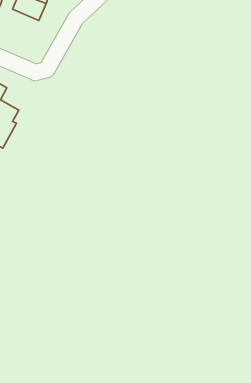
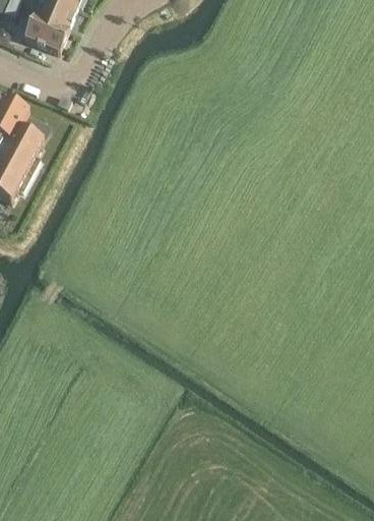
building: none -> [22,12,68,52]

